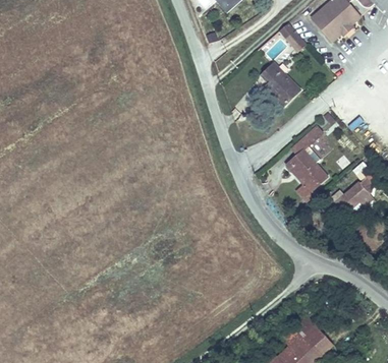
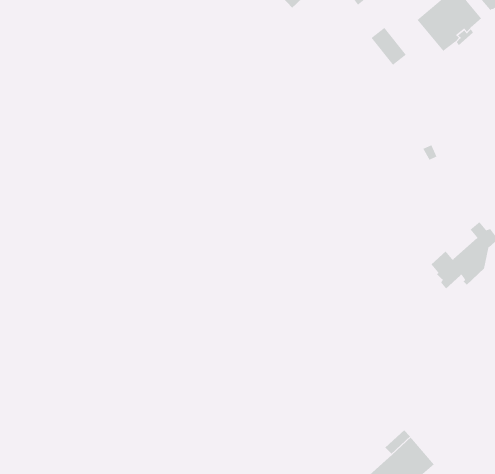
building: [268,63,303,106] -> none
building: [289,131,325,202] -> none

